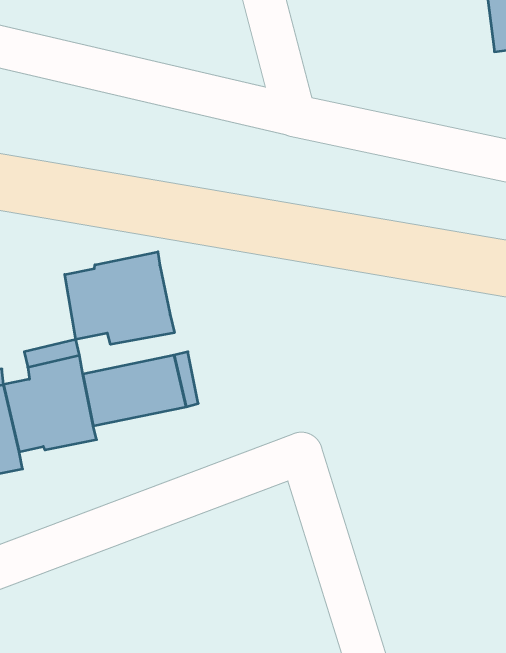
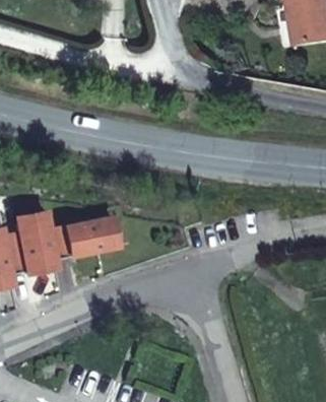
building: [65,252,174,344] -> none

